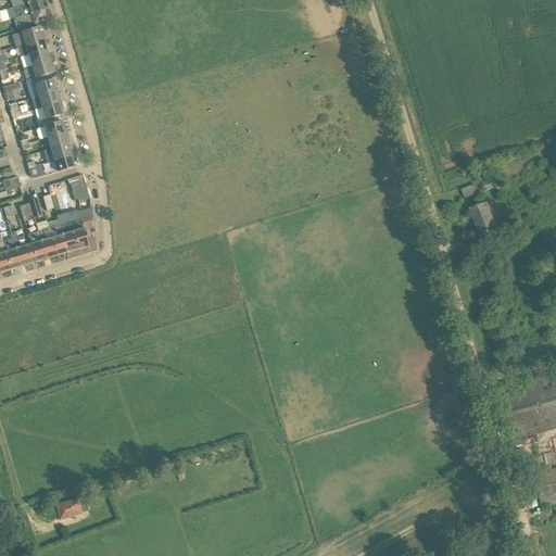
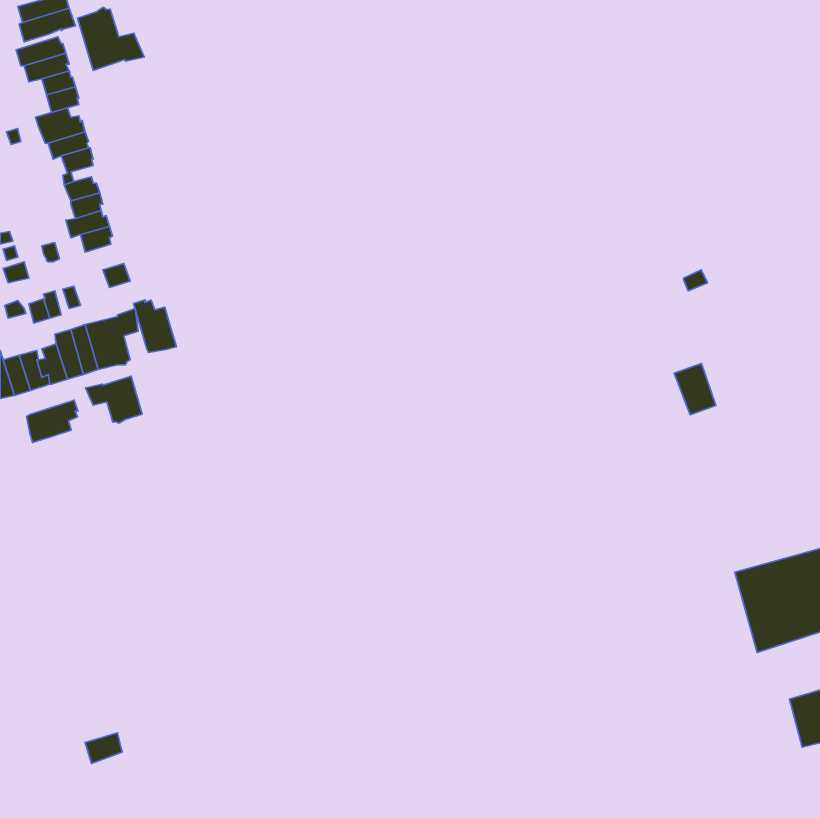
building: none -> [78,7,144,70]
building: [470,200,498,235] -> [674,364,716,415]
building: none -> [134,300,176,353]
building: none -> [85,376,142,423]
building: none -> [26,400,78,443]

